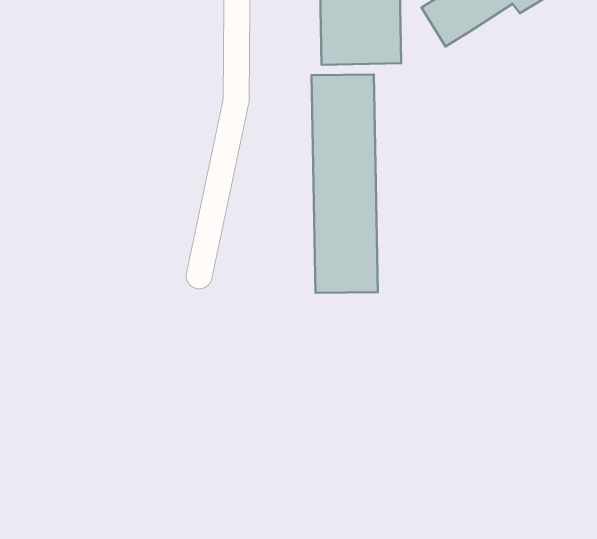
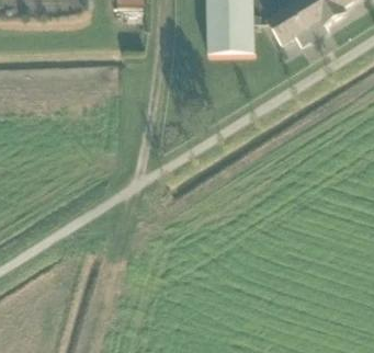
building: [312,74,378,293] -> none

